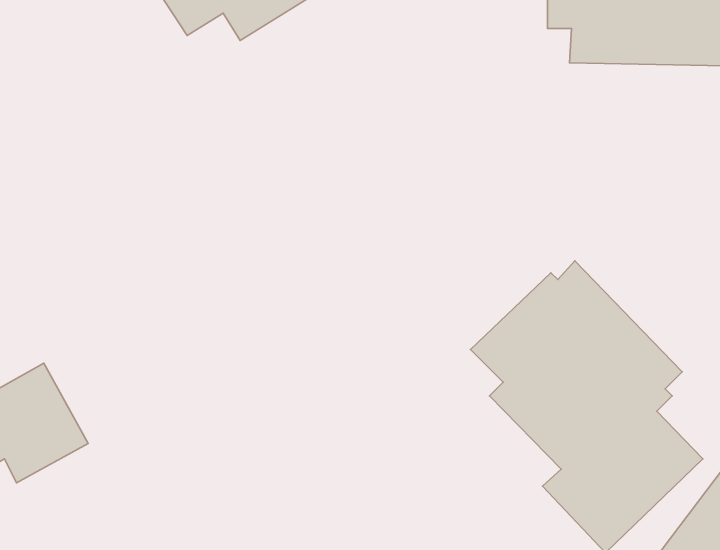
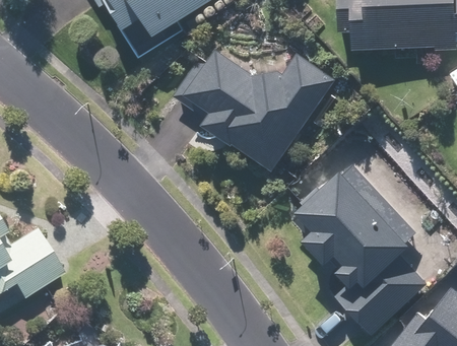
building: none -> [175,44,335,171]

